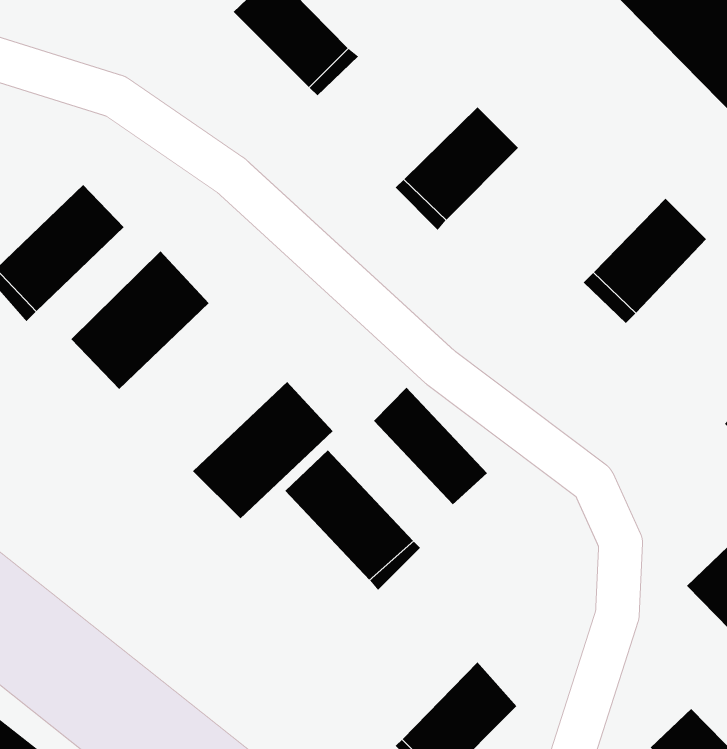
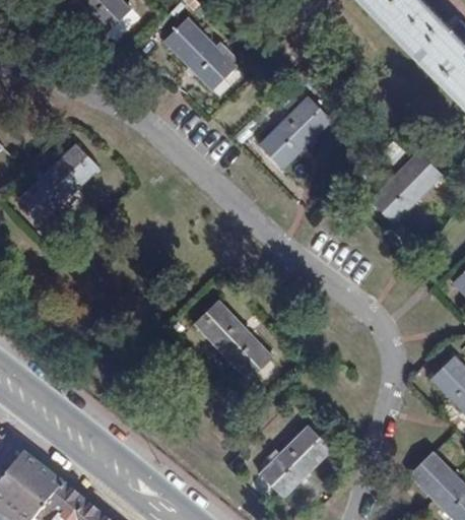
building: [70,250,209,390] -> none
building: [192,381,334,519] -> none
building: [373,387,488,505] -> none

